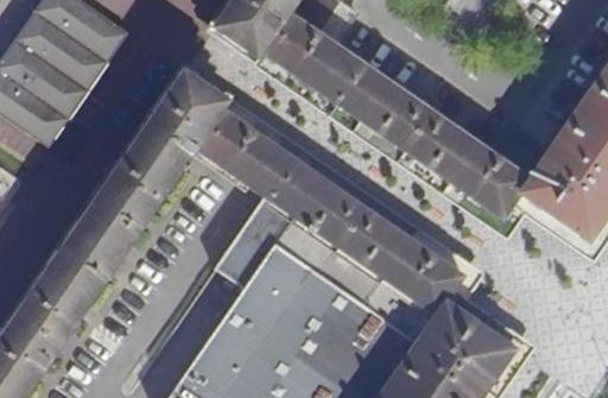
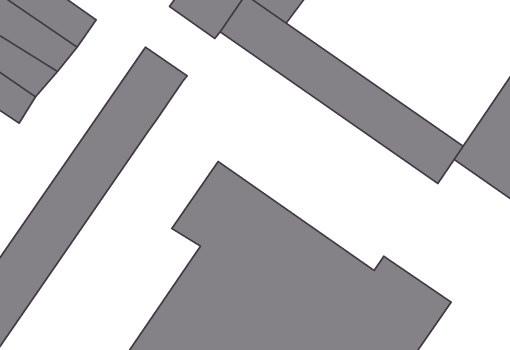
building: [197,107,464,311] -> none

